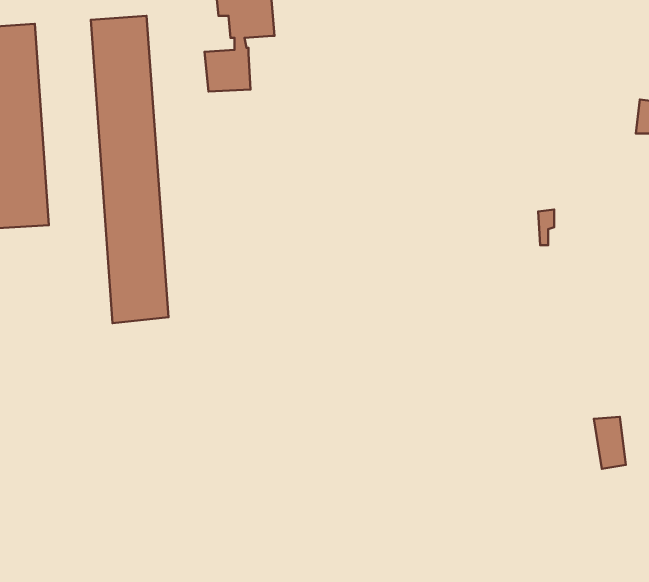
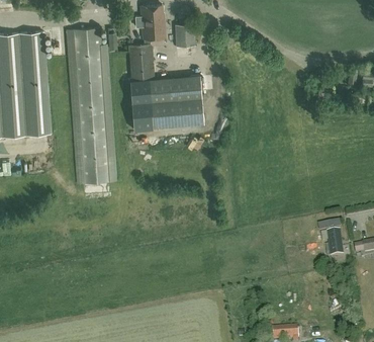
building: none -> [173,25,192,47]
building: none -> [129,77,200,131]

